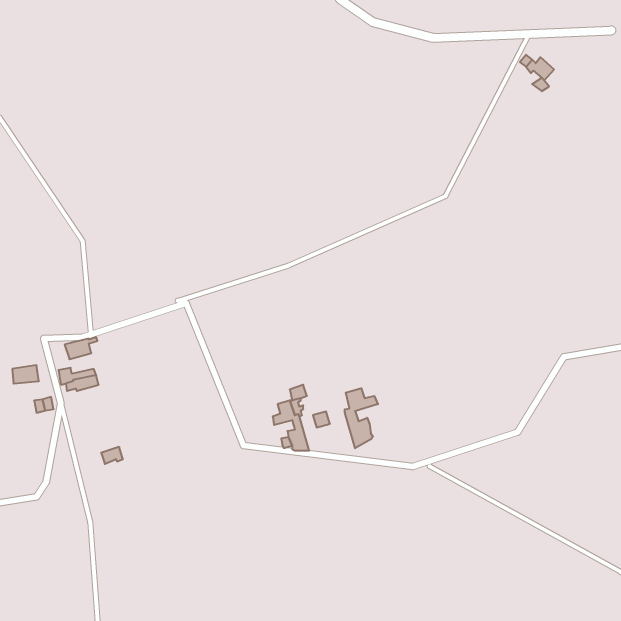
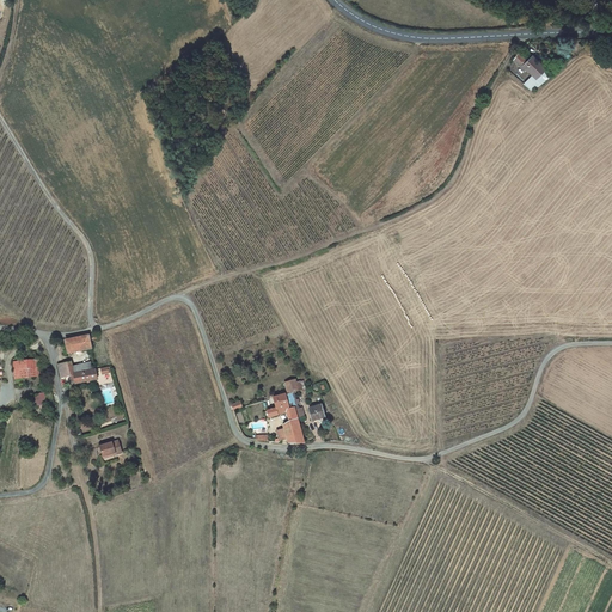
building: [345,388,378,448] -> none

